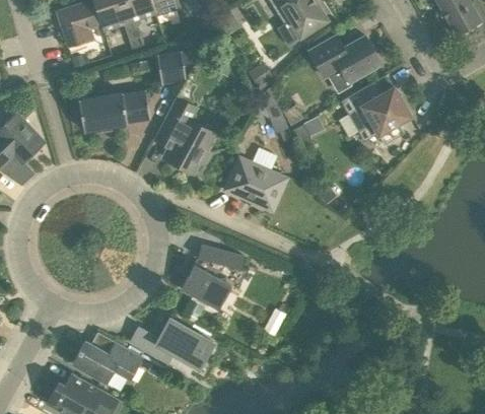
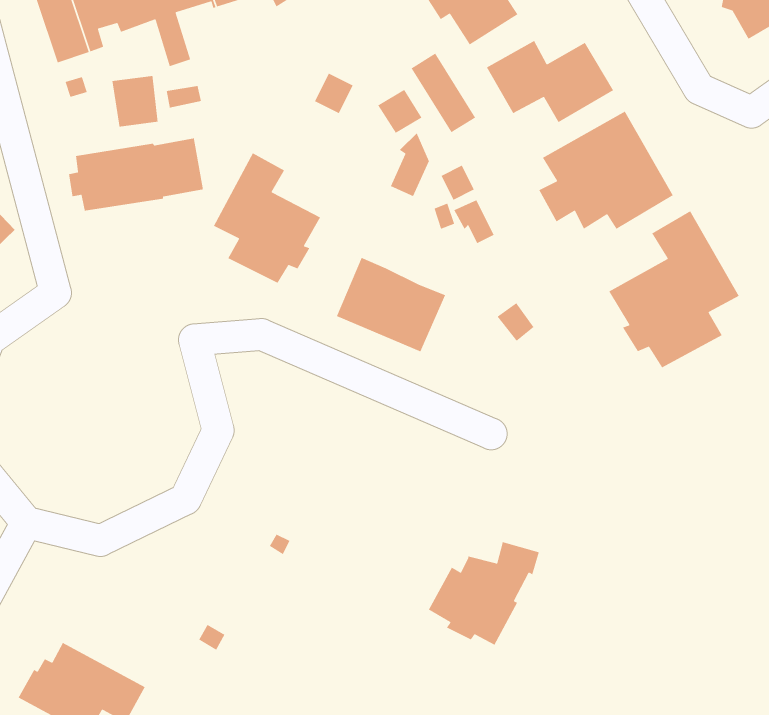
building: none -> [410,52,476,133]
building: [157,53,184,82] -> [112,75,159,128]
building: none -> [608,210,740,368]
building: [181,250,244,308] -> [428,541,540,646]
building: [131,319,213,371] -> none
building: [71,341,143,383] -> none

